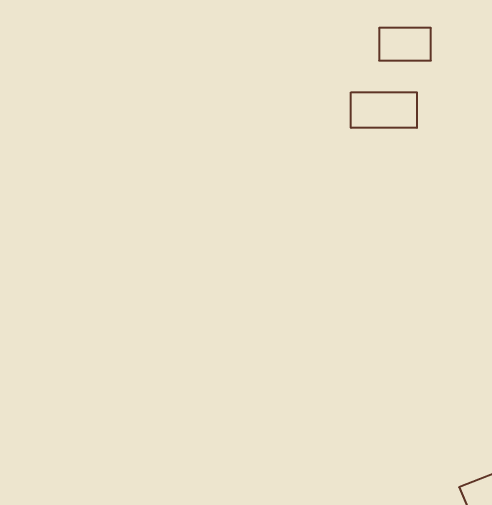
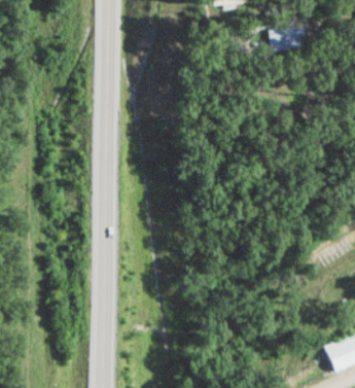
building: [351,92,417,128] -> none

